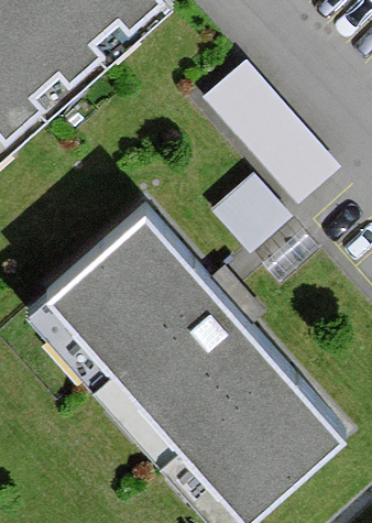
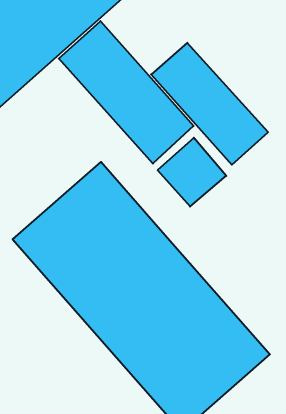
building: none -> [59,21,194,164]

